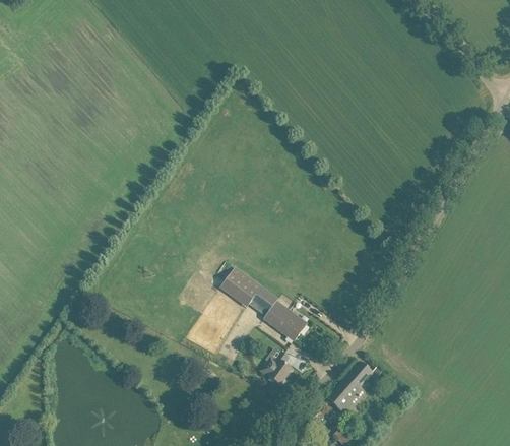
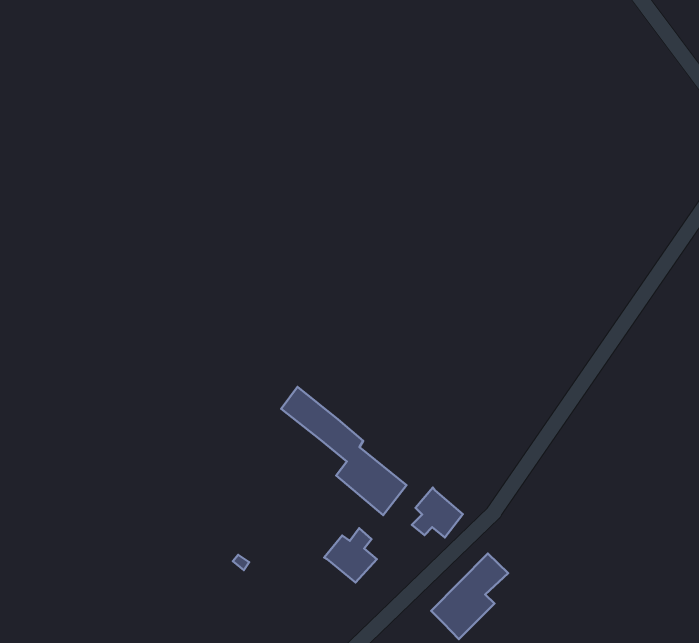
building: none -> [412,488,463,538]

